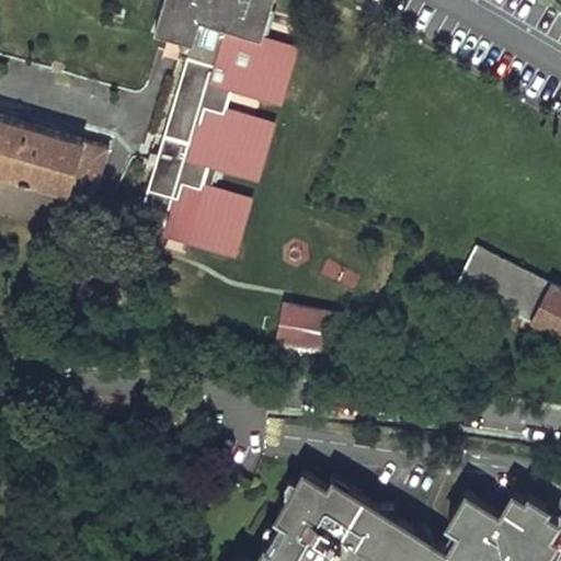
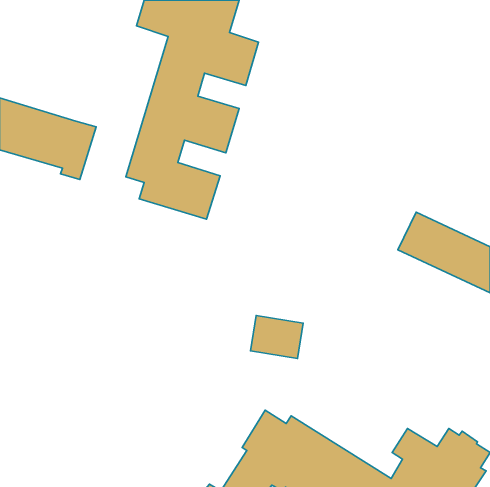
building: [277,306,337,355] -> [250,315,303,359]

